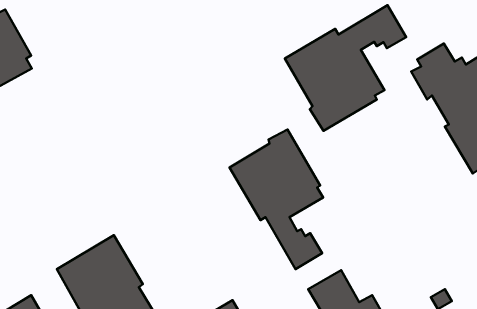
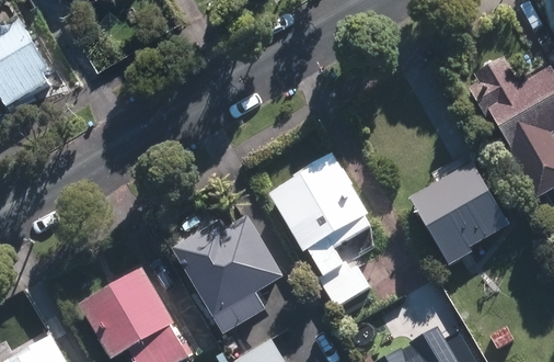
building: [285,5,406,131] -> none
building: none -> [406,160,506,264]
building: none -> [170,214,282,333]

